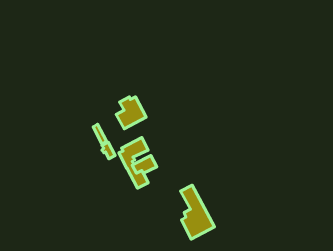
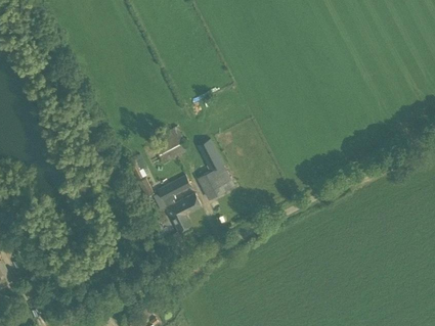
building: [181,185,214,239] -> [195,138,234,200]

